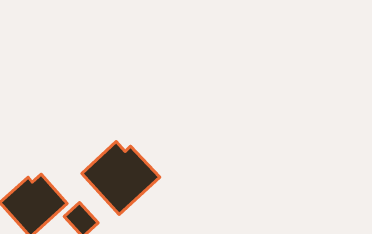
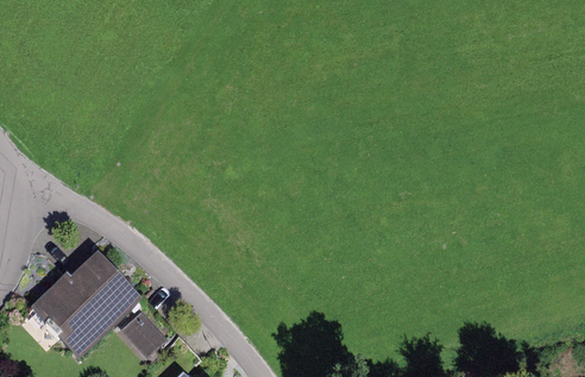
building: [82,142,160,215] -> none

